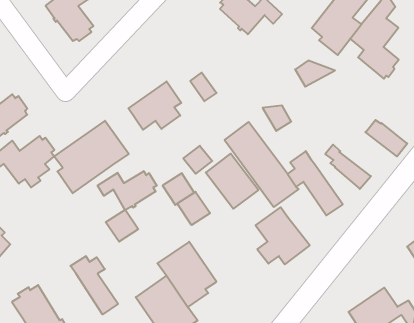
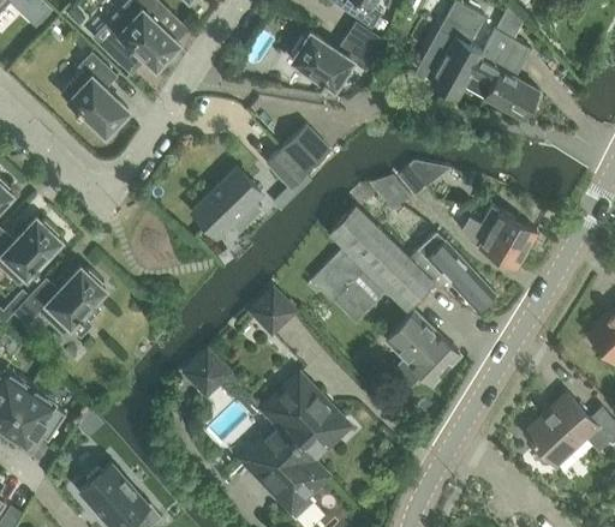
building: none -> [281,126,330,175]
building: [295,61,335,87] -> [398,162,450,197]
building: [365,120,407,156] -> [479,208,537,251]
building: [54,121,129,193] -> none
building: [183,146,212,174] -> none
building: [98,171,157,210] -> none
building: [177,192,210,225] -> none
building: [70,256,118,314] -> none

